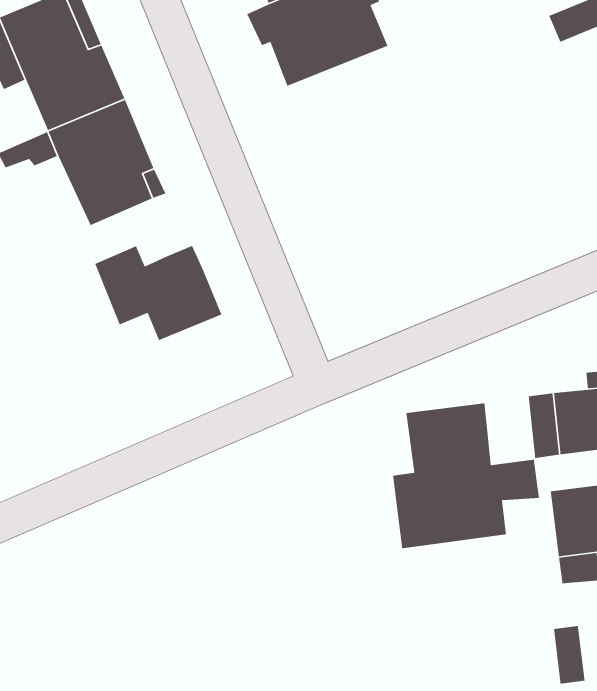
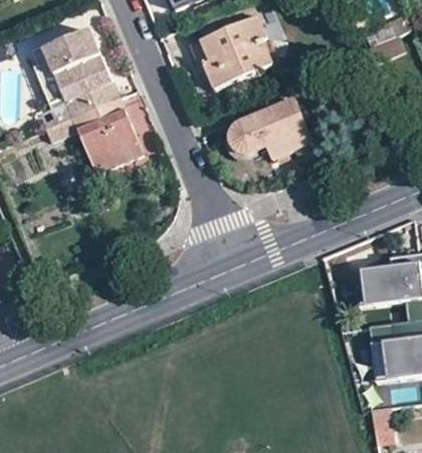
building: none -> [229,96,312,160]
building: [94,245,223,341] -> none
building: [392,402,540,549] -> none

